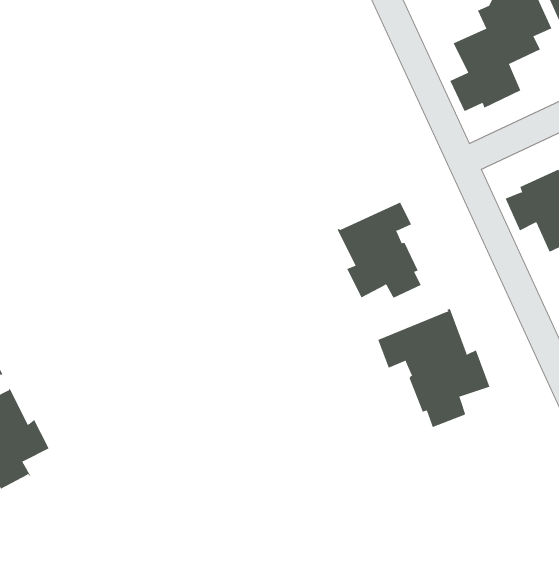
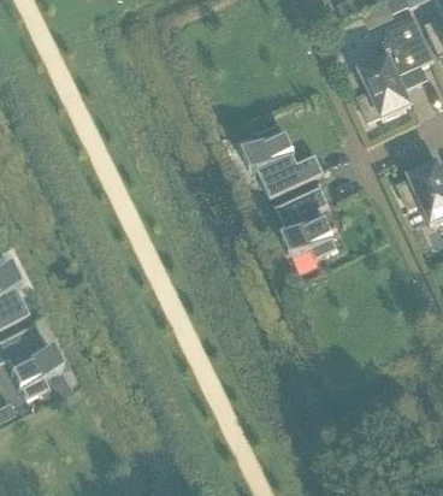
building: none -> [242,120,323,195]
building: [378,308,490,428] -> none

